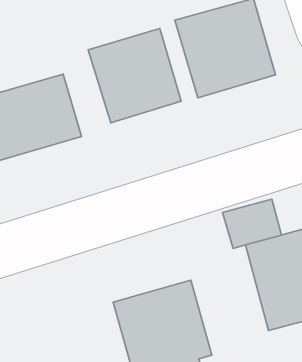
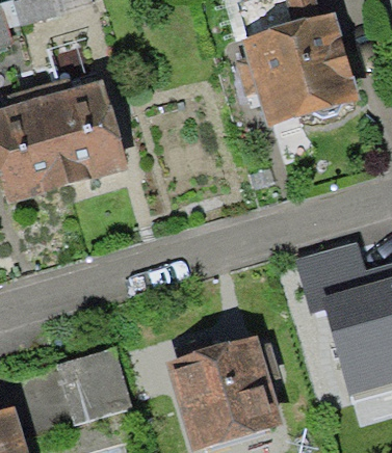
building: [88,29,181,123] -> none
building: none -> [54,346,130,417]

